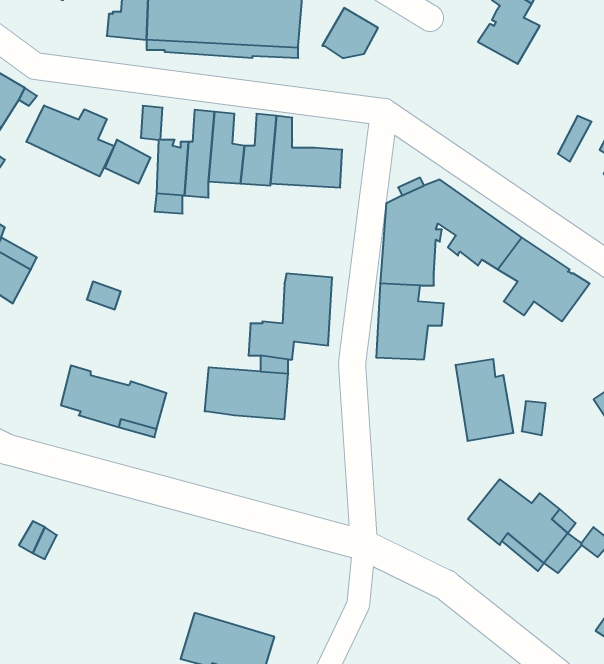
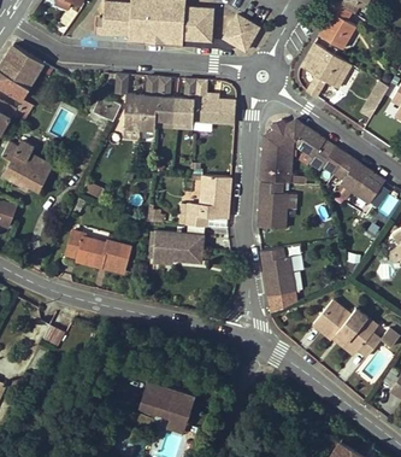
building: none -> [300,43,350,98]
building: [26,105,114,176] -> none
building: [455,359,513,441] -> [260,247,295,297]

